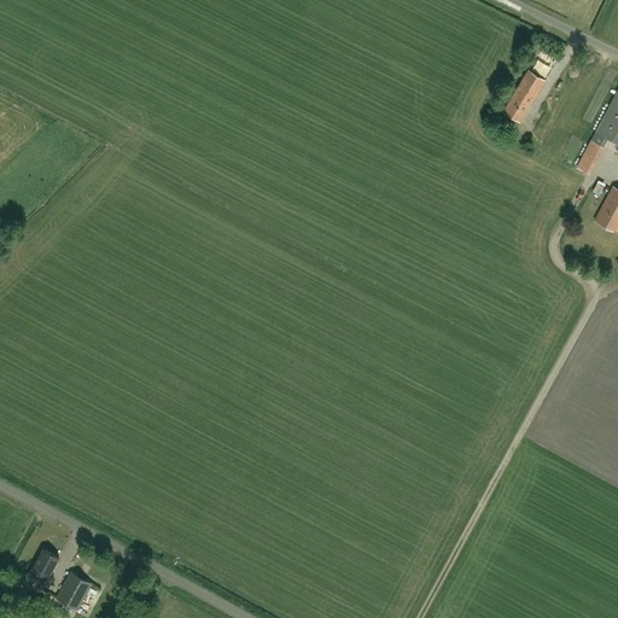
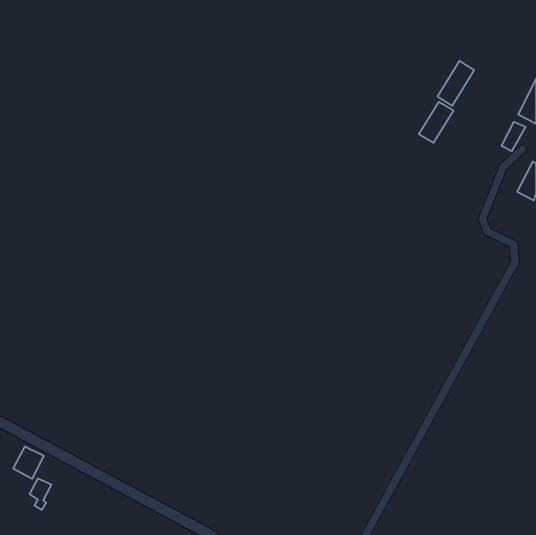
building: none -> [419,102,453,143]
building: [57,573,92,611] -> [13,446,44,479]

